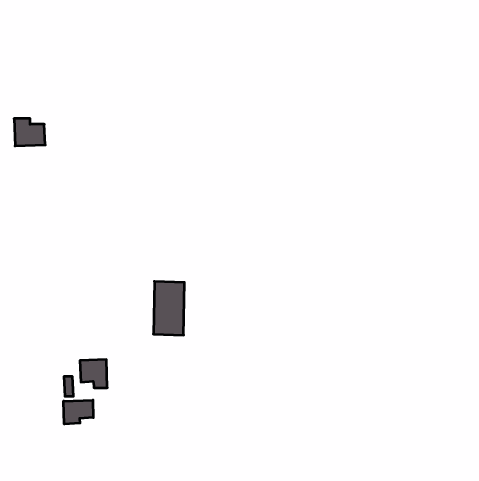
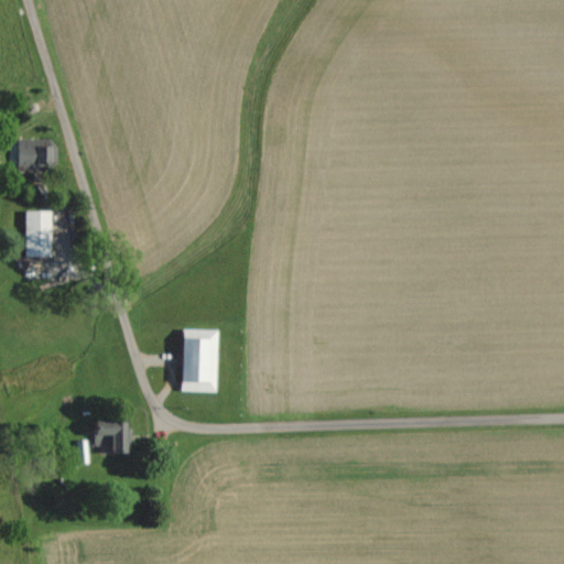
building: none -> [24,210,52,258]
building: [64,400,93,424] -> none

